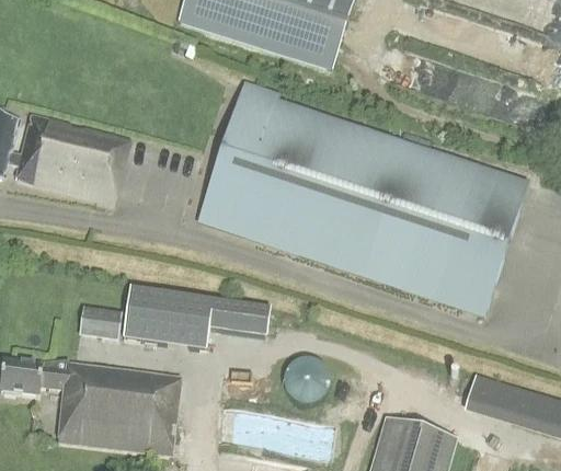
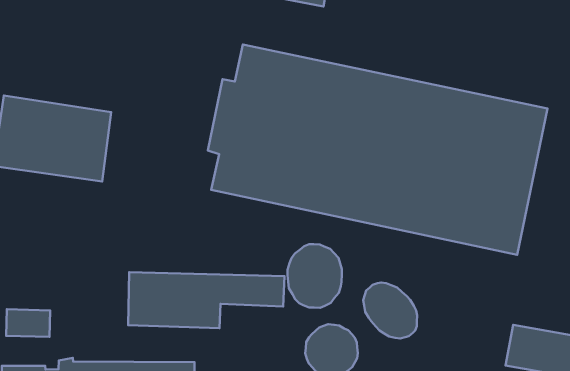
building: none -> [288,244,342,308]
building: [78,306,121,335] -> [6,309,50,337]
building: none -> [363,282,417,339]

